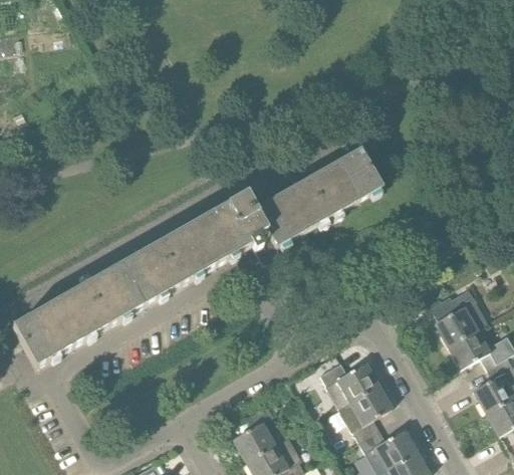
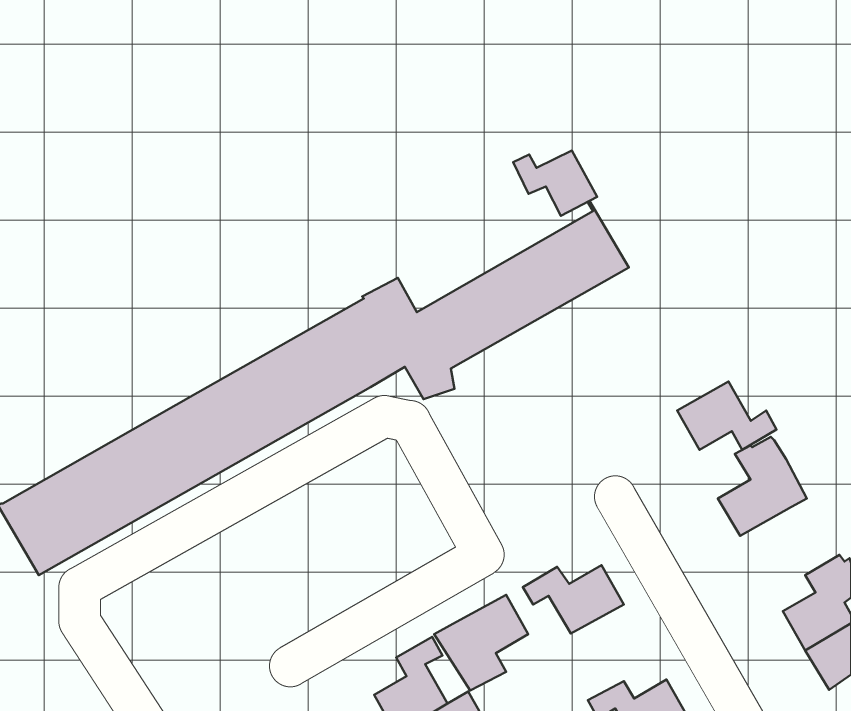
building: none -> [513,150,597,216]
building: [446,324,504,365] -> [677,382,776,450]
building: [335,382,391,438] -> [434,595,528,691]

